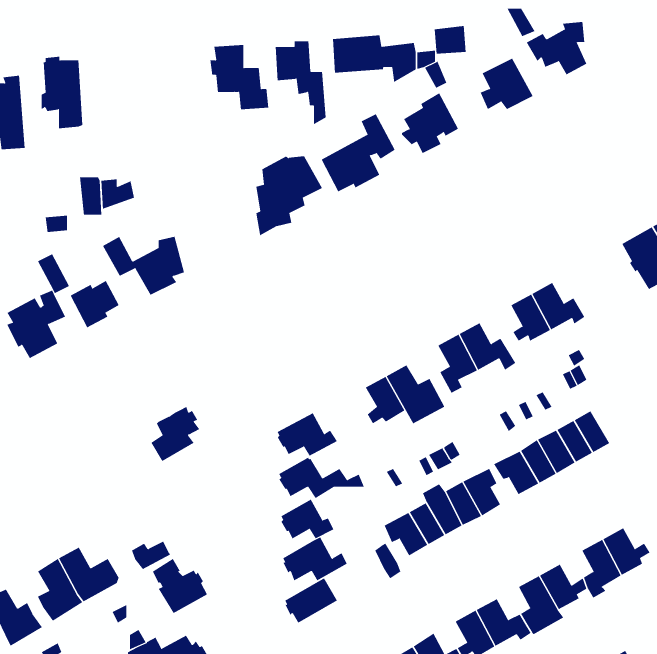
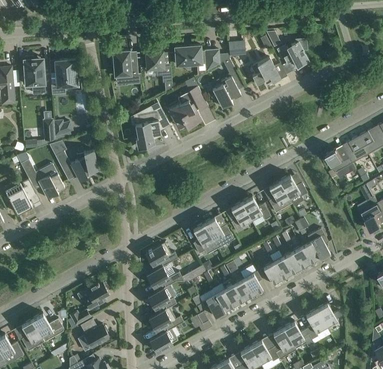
building: none -> [49,58,76,86]
building: none -> [306,228,329,258]
building: [150,406,200,462] -> [82,280,108,309]

